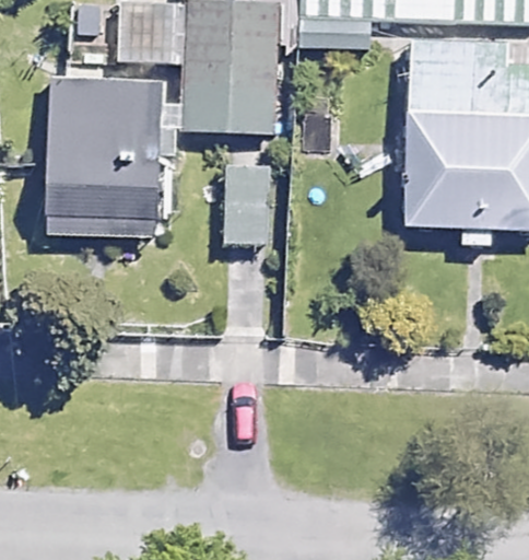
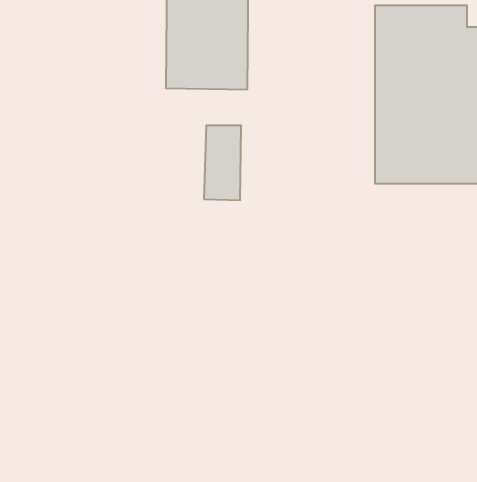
building: [50,81,160,232] -> none

